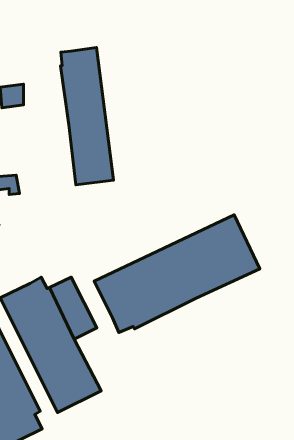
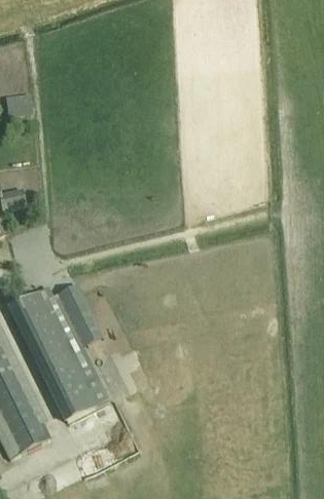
building: [60,48,113,185] -> none
building: [94,215,260,333] -> none

